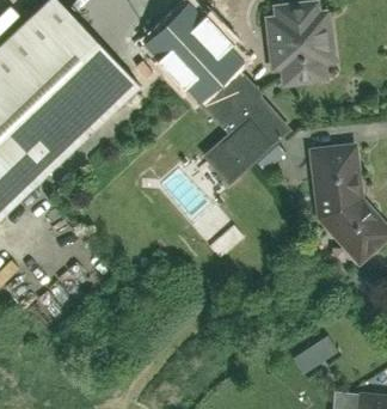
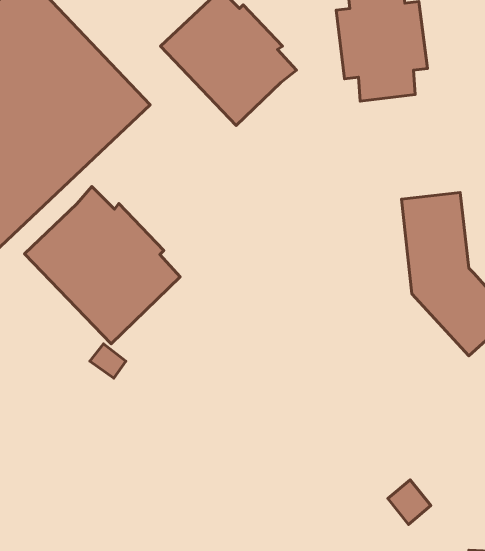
building: [198,69,287,181] -> none
building: none -> [25,187,180,344]

